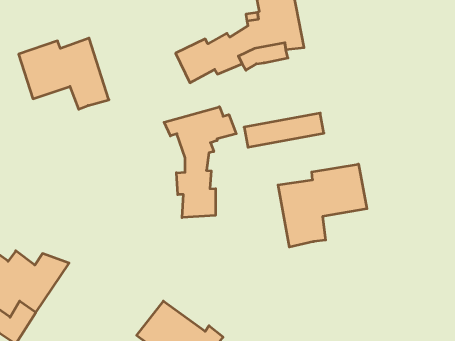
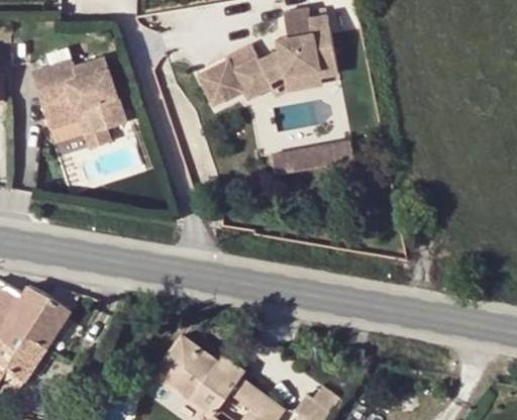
building: none -> [45,110,109,150]
building: [164,107,236,218] -> none
building: [278,164,367,247] -> none

